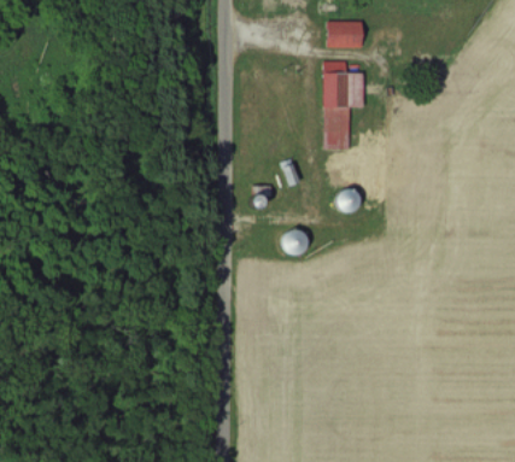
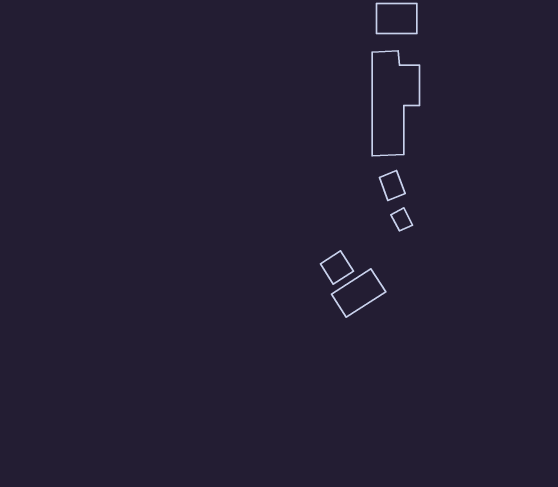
building: none -> [332,269,386,317]

